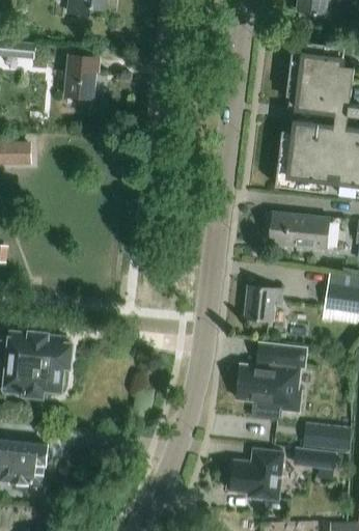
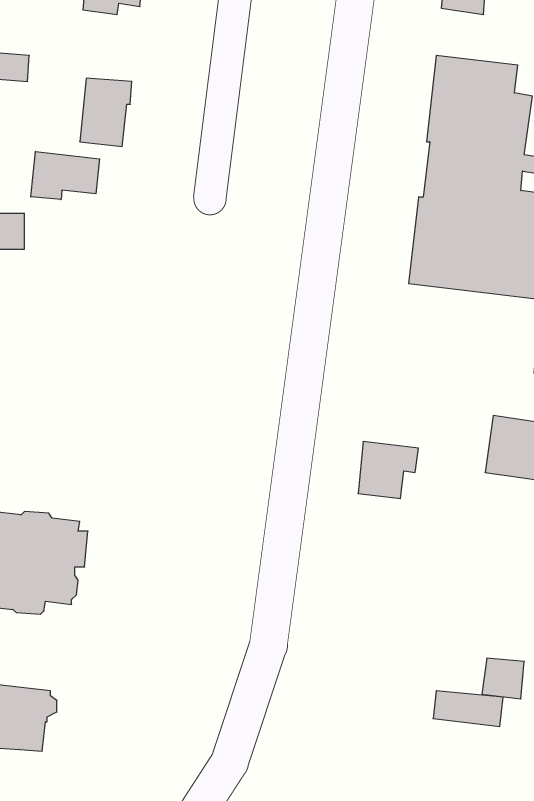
building: none -> [31,151,100,200]
building: [268,215,328,251] -> none
building: [236,343,306,420] -> none
building: [226,452,283,501] -> none

